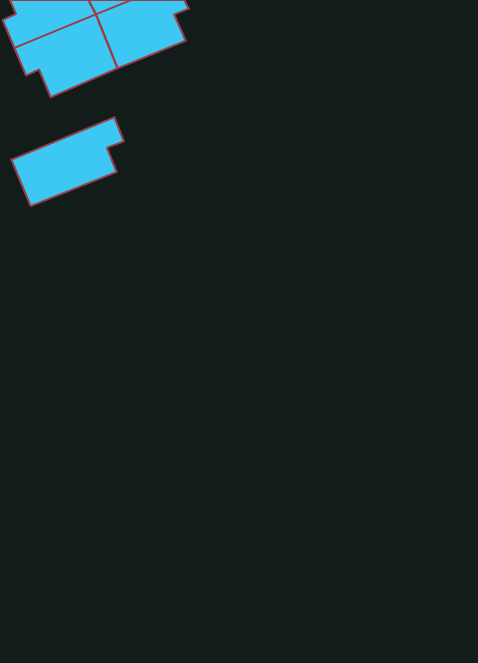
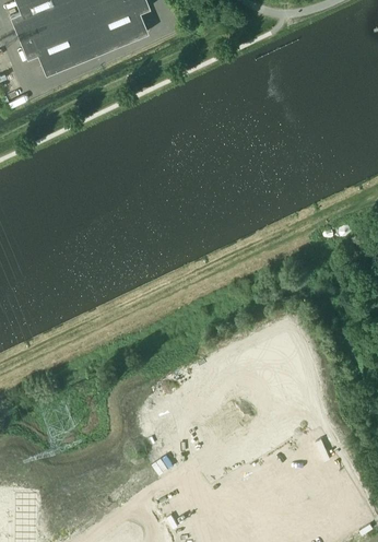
building: [11,117,124,206] -> none

